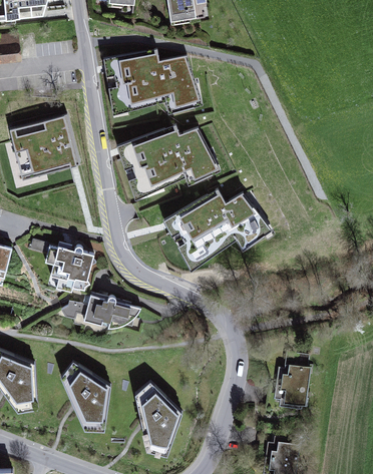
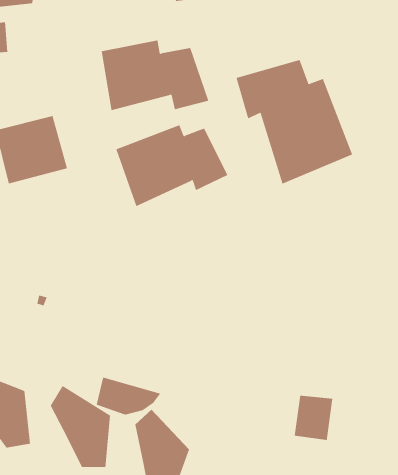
building: none -> [236,59,353,185]
building: [164,190,268,269] -> none
building: [45,244,92,291] -> none
building: [83,293,141,327] -> [96,377,161,415]

